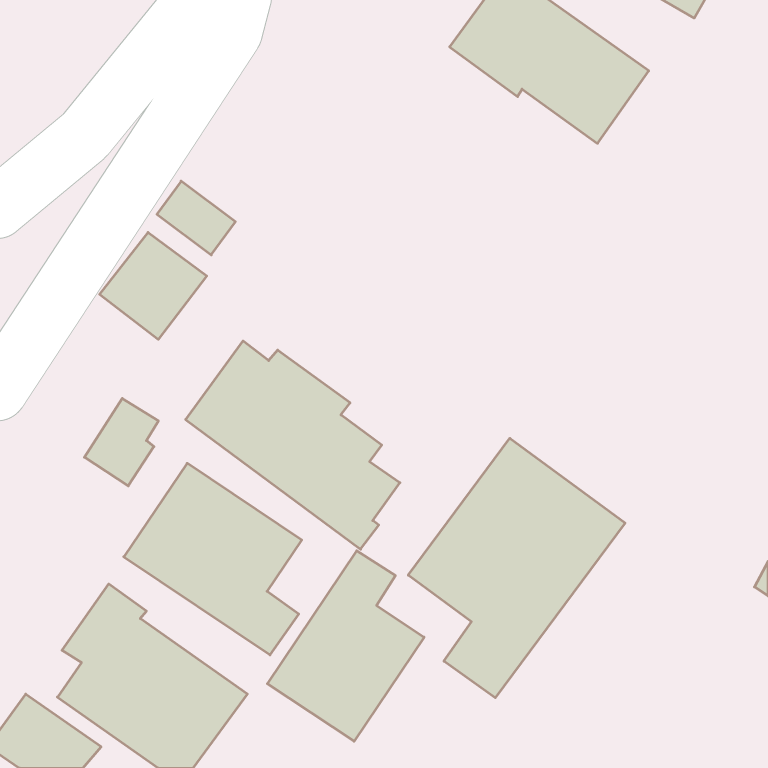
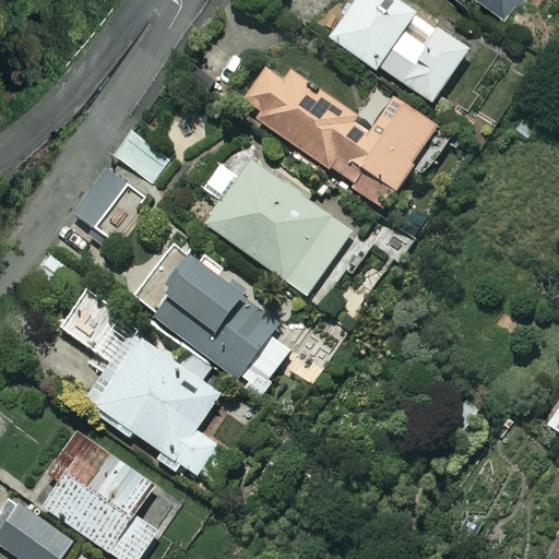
building: none -> [238,58,436,204]
building: none -> [203,151,352,304]
building: [408,438,625,698] -> none
building: [267,551,424,741] -> none

